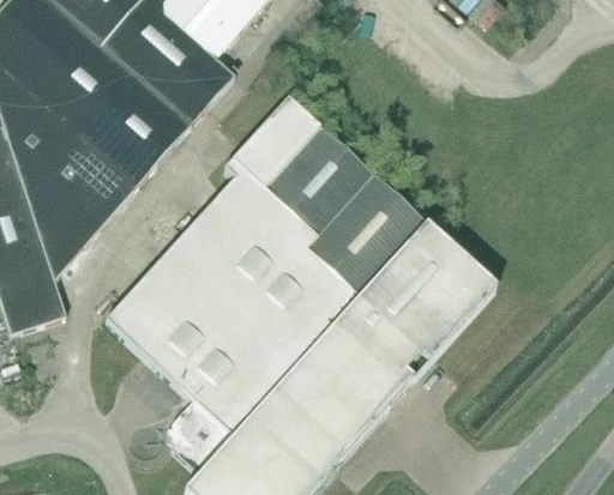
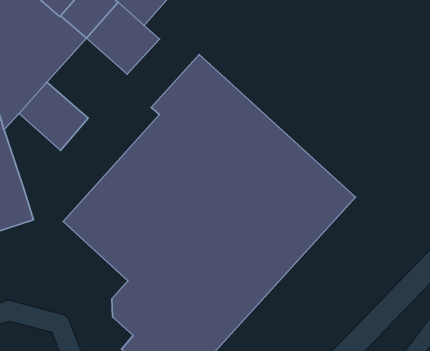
building: [84,74,191,181] -> none
building: [26,175,102,278] -> none

